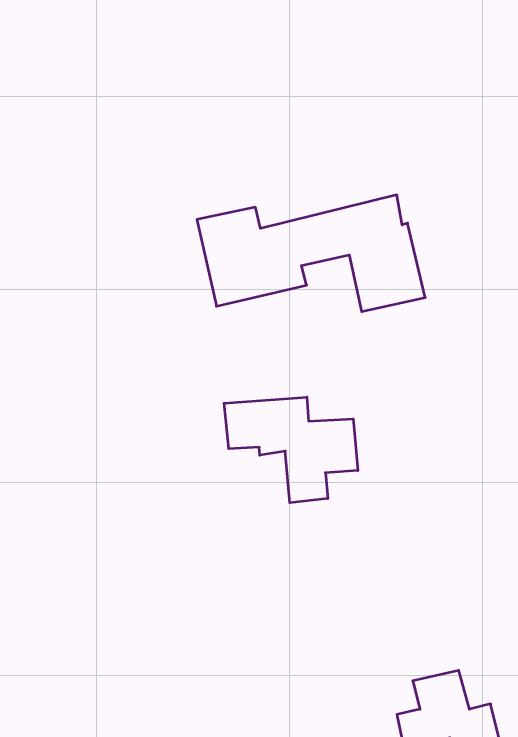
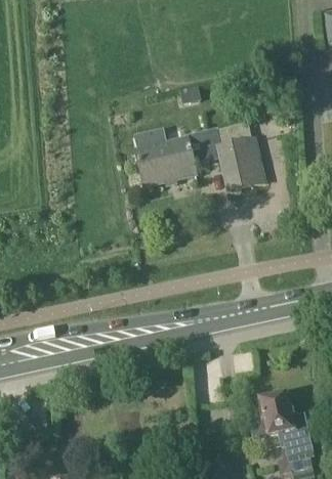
building: [224,397,358,503] -> none

